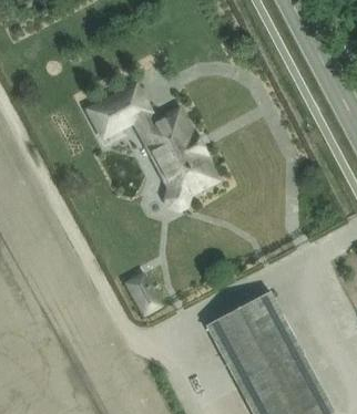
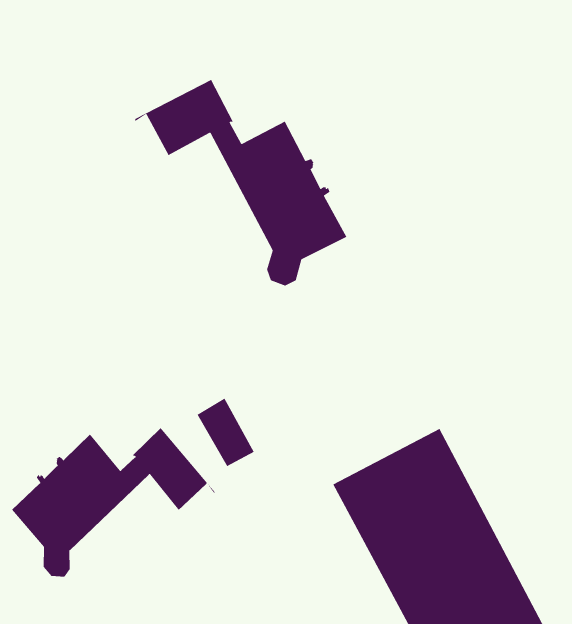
building: none -> [11,427,215,578]

